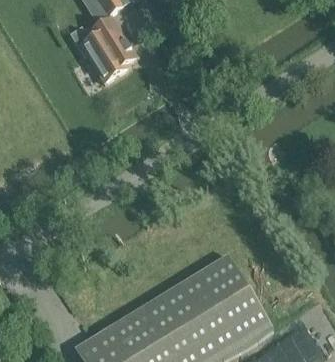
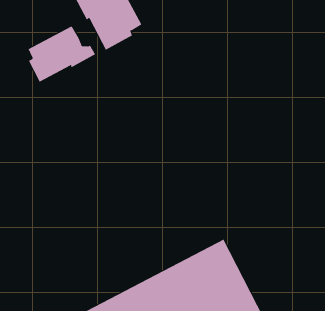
building: none -> [28,26,96,82]

